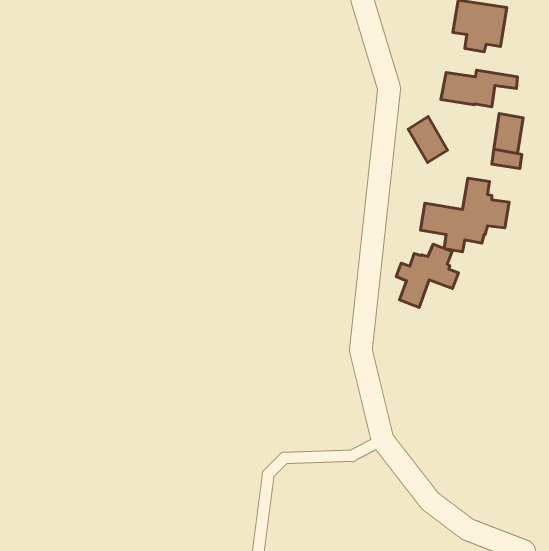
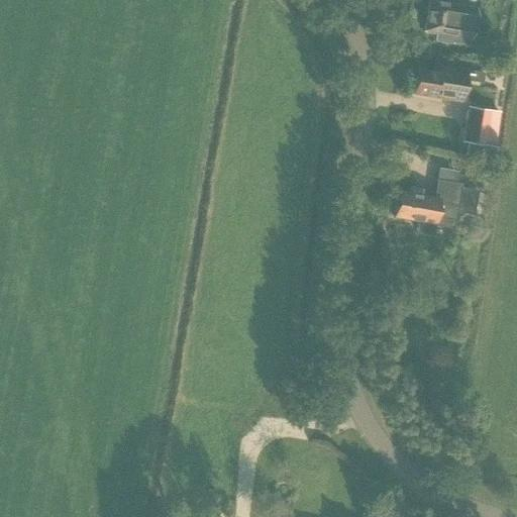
building: [408,117,448,163] -> none
building: [396,244,459,308] -> none

